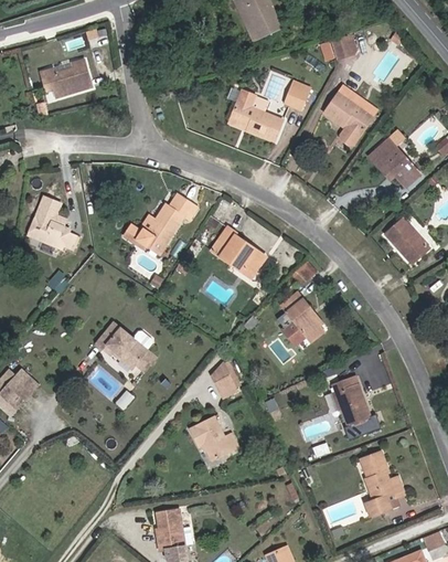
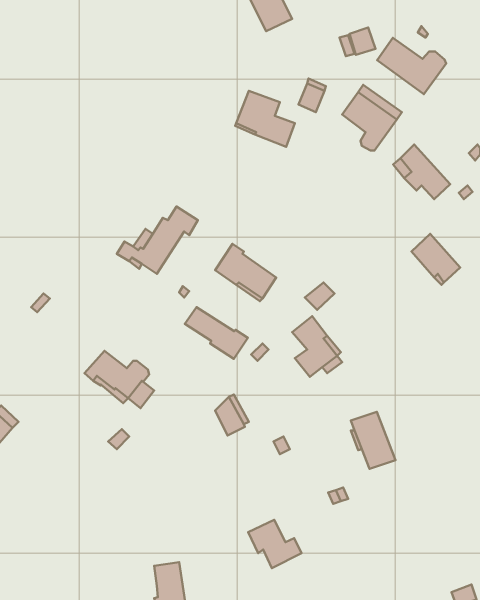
building: none -> [377,38,446,94]
building: [41,61,90,98] -> none
building: [28,198,75,250] -> none
building: none -> [185,307,248,359]
building: [190,417,237,460] -> [248,520,302,568]
building: [360,452,404,516] -> none

